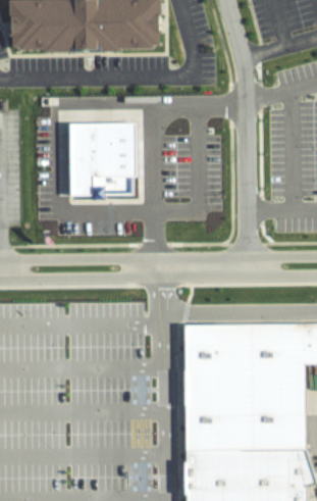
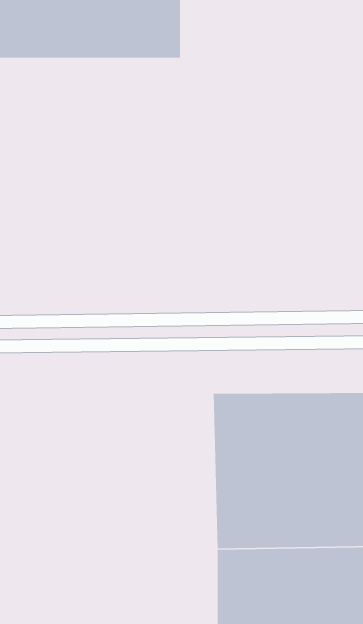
building: [63,122,131,198] -> none

